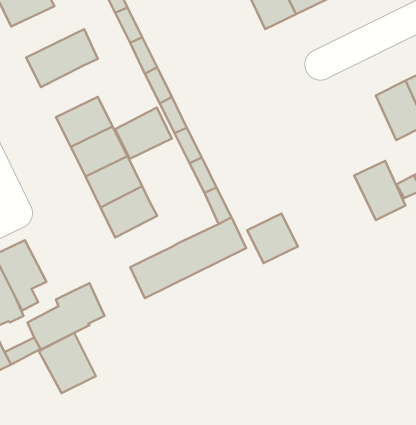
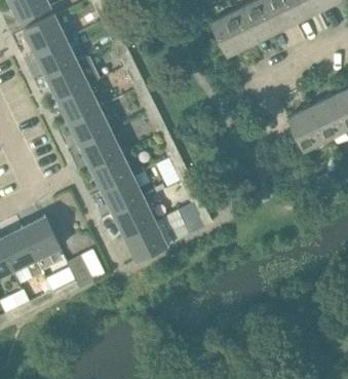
building: none -> [34,38,89,77]
building: [115,107,172,159] -> [56,83,100,122]
building: [354,161,406,220] -> [287,106,326,151]
building: [247,214,298,263] -> none
building: none -> [113,197,156,236]
building: [39,333,96,393] -> none

